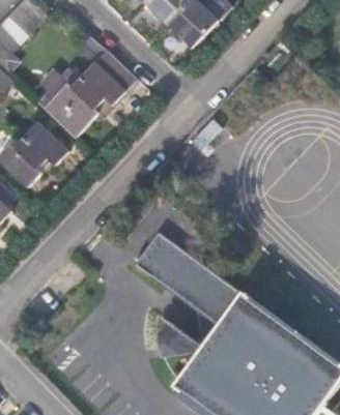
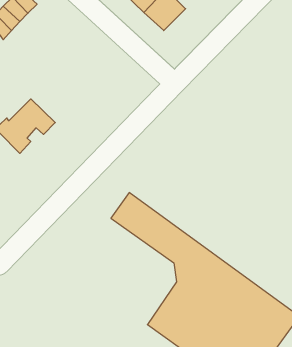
building: [37,53,132,136] -> none

